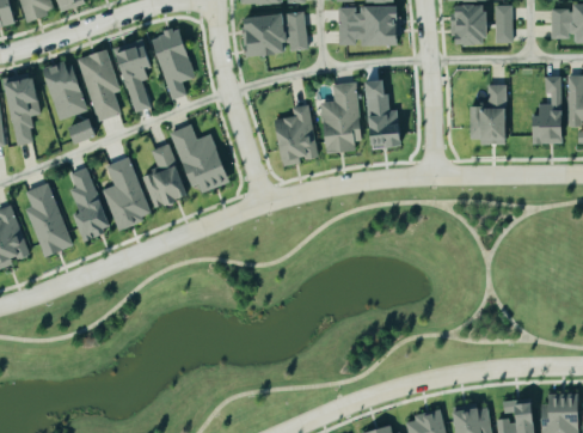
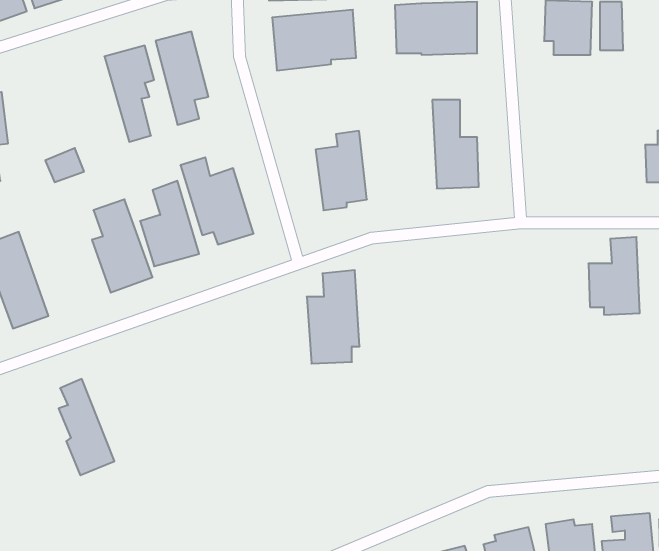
building: [78,49,121,121] -> none
building: [44,61,84,120] -> none
building: [320,83,361,154] -> [307,270,360,364]
building: [468,85,508,145] -> [588,237,640,315]
building: [68,167,111,242] -> [59,379,114,475]

